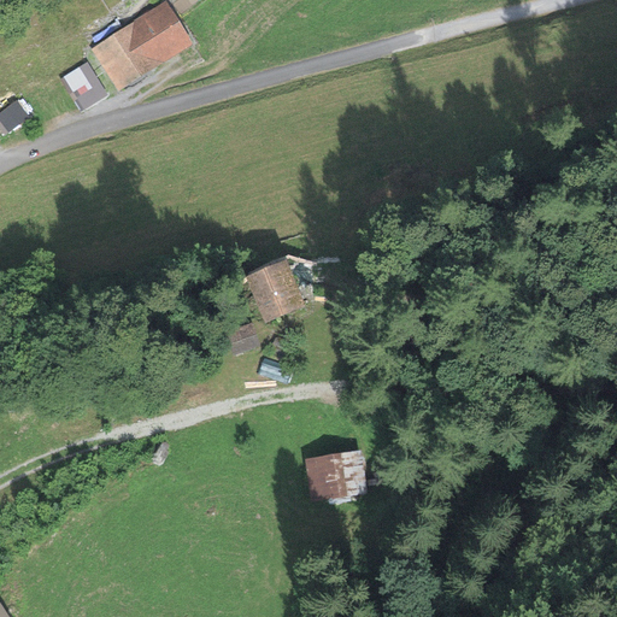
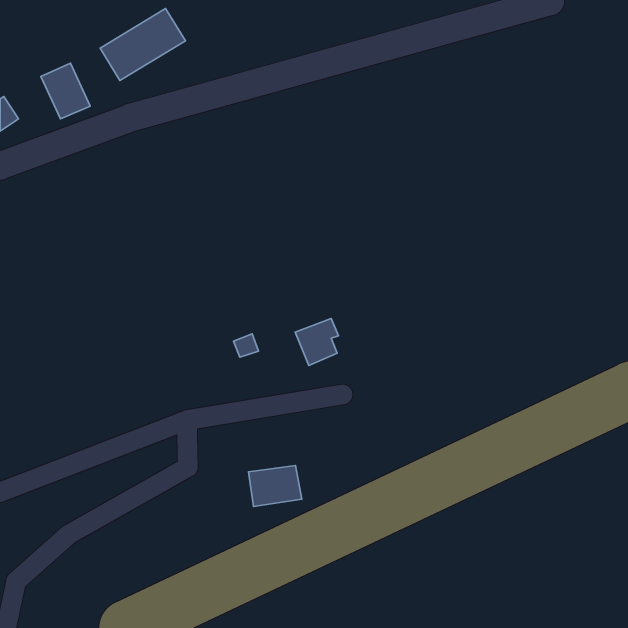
building: [254,264,296,310] -> [295,318,338,365]
building: [313,454,365,494] -> [249,466,302,506]

